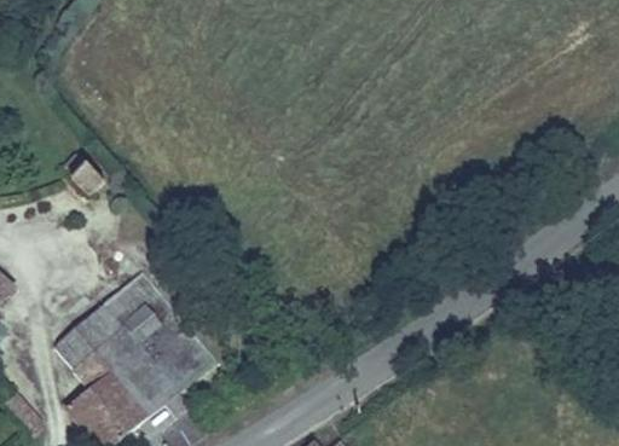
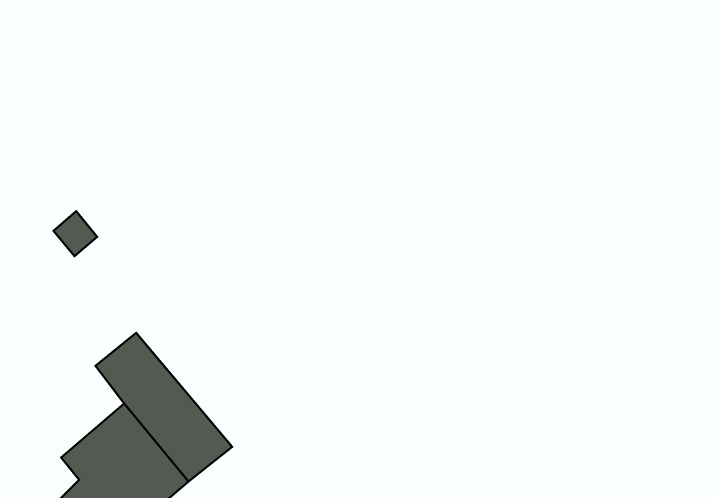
building: [53,297,127,371] -> none

